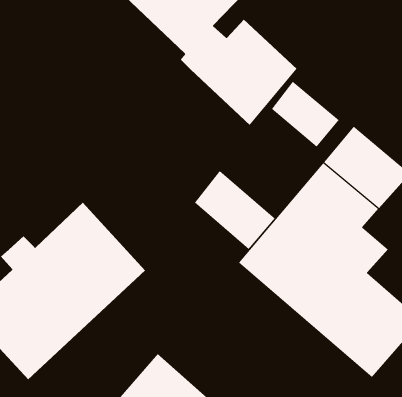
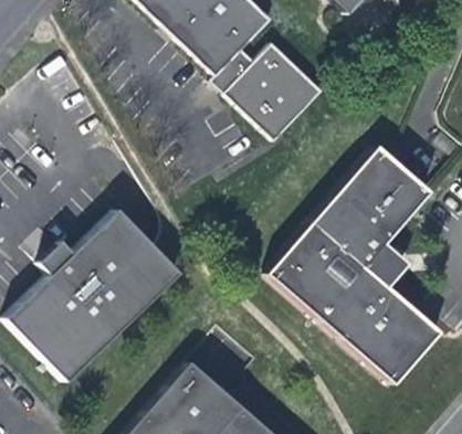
building: [271,81,340,147] -> none
building: [194,170,276,250] -> none

